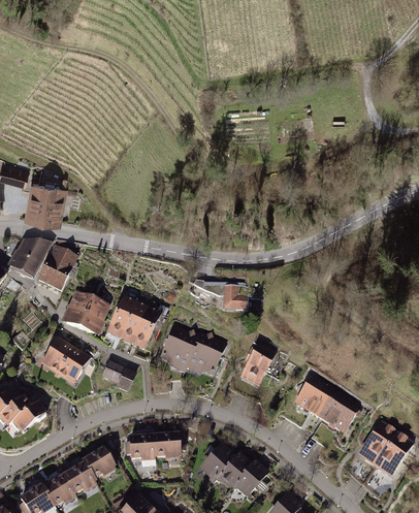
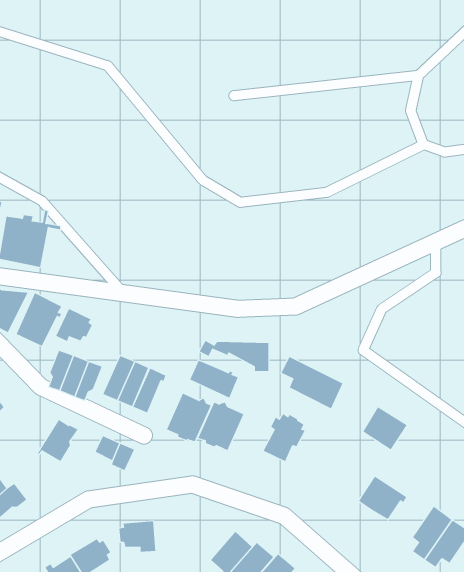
building: none -> [55,308,92,342]
building: none -> [281,356,343,409]
building: none -> [189,360,239,399]
building: [40,340,72,378] -> none
building: [295,381,332,417] -> [362,406,408,450]
building: [152,432,182,454] -> none

